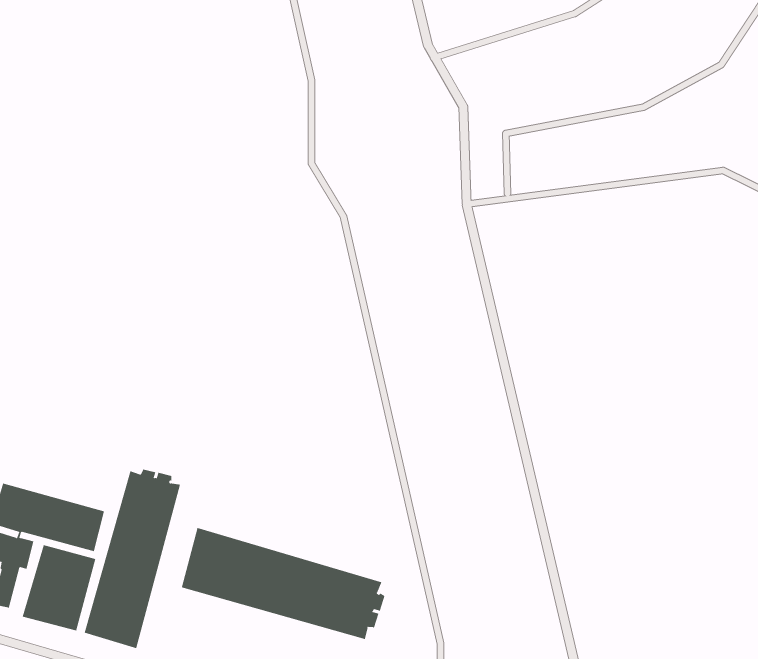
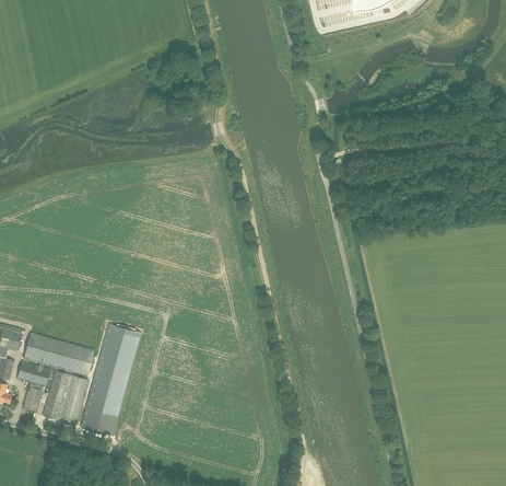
building: [181,527,385,640] -> none

